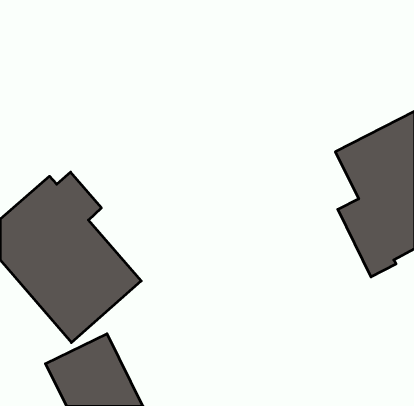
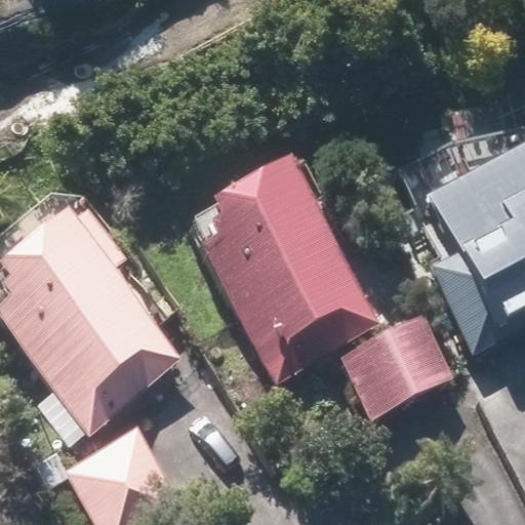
building: none -> [191,165,379,376]
building: none -> [340,319,449,415]

